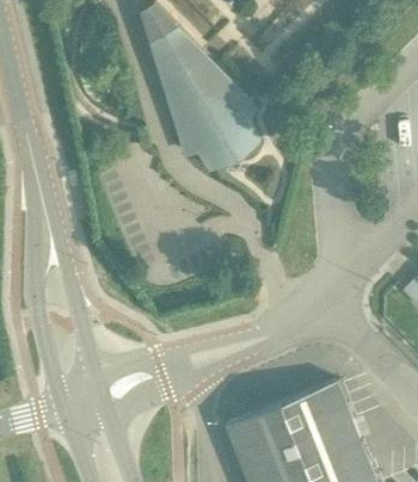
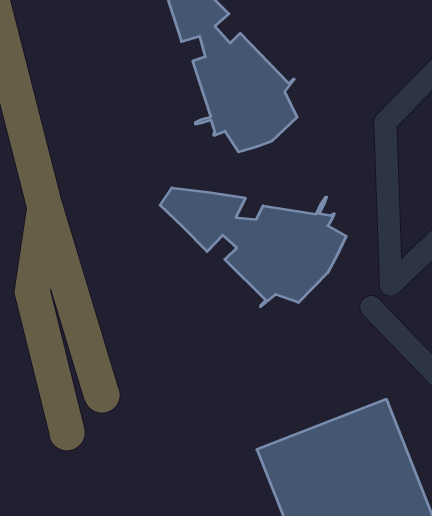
building: none -> [160,188,346,307]

